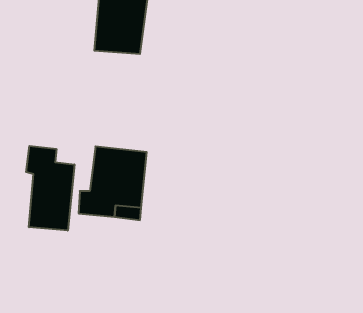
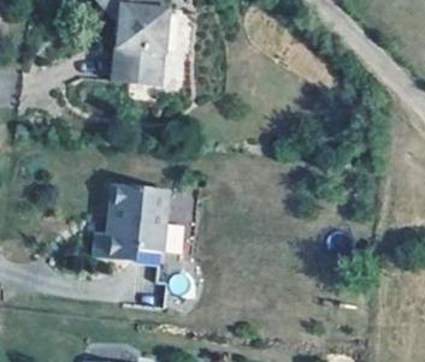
building: [26,146,74,231] -> none

